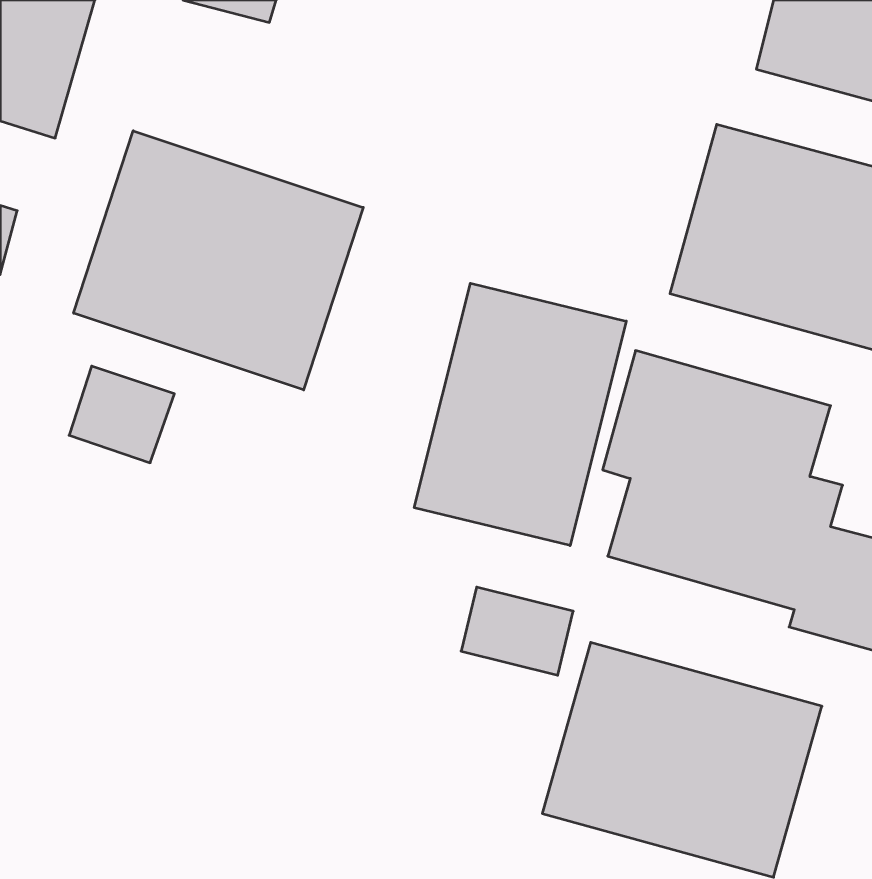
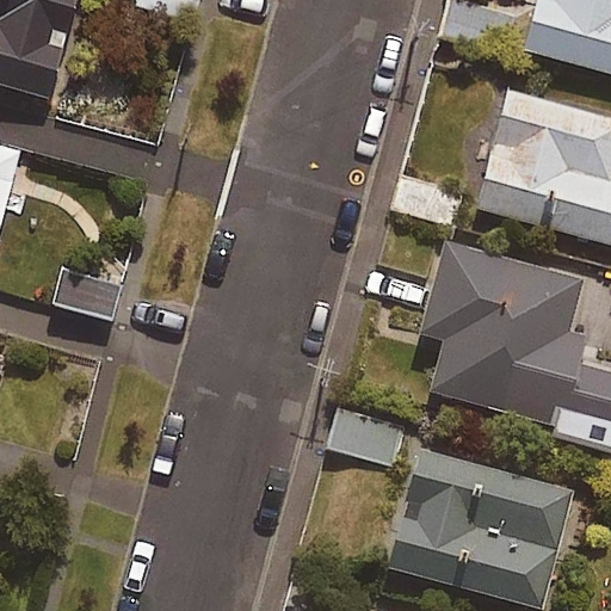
building: [74,131,363,390] -> none
building: [414,283,626,546] -> none

